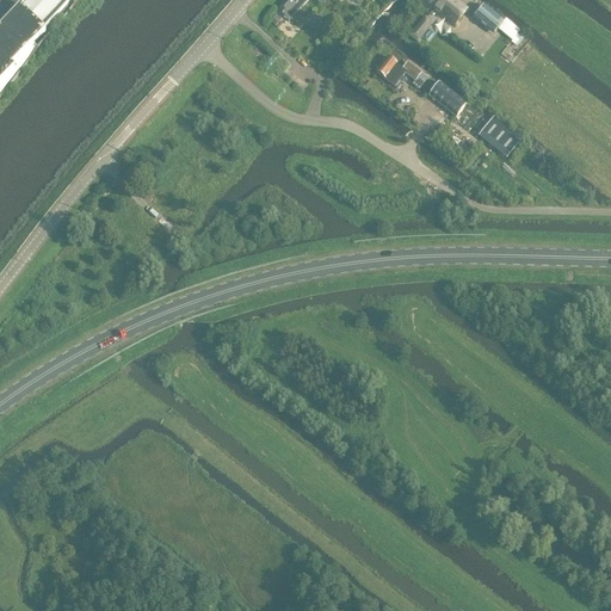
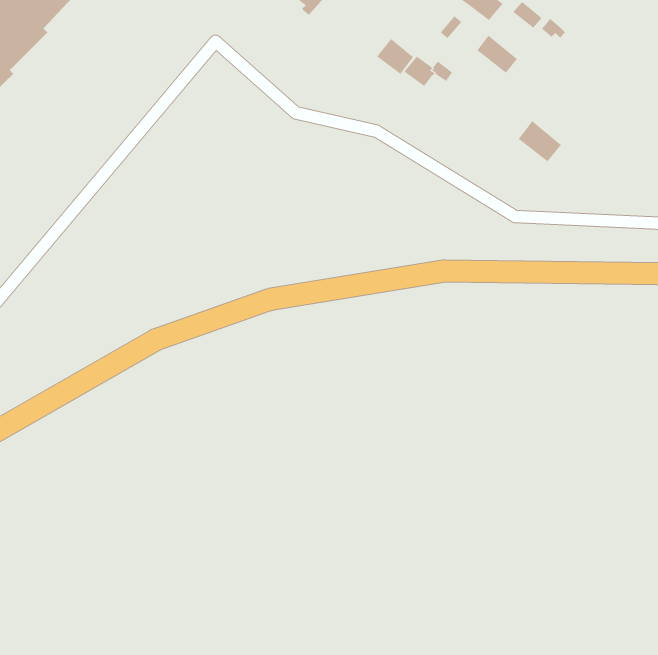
building: none -> [377,38,414,75]
building: [424,76,462,112] -> [476,35,518,74]

